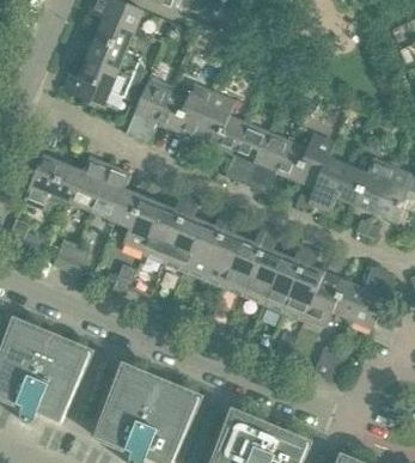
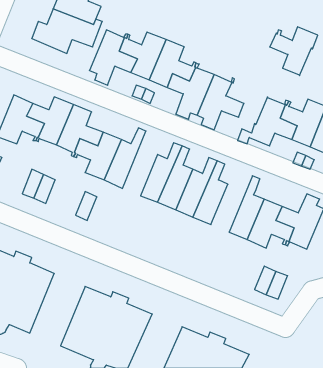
building: [280,132,334,187] -> [270,27,318,76]
building: [164,194,203,267] -> none
building: [263,239,310,307] -> none

